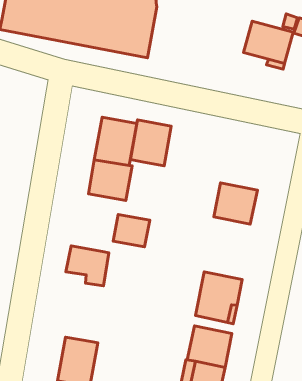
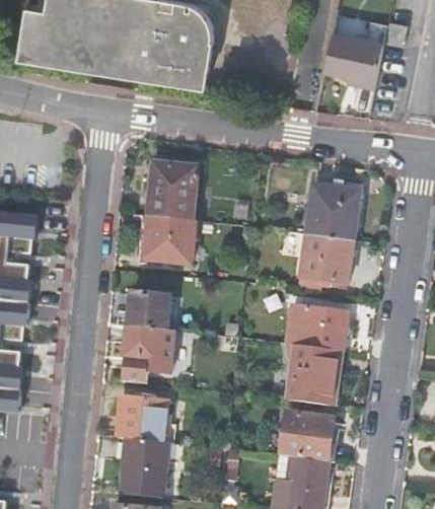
building: [130,120,171,166] -> none
building: none -> [306,186,360,240]
building: [113,215,150,247] -> [127,292,170,330]
building: none -> [287,304,347,352]
building: none -> [117,396,167,442]

